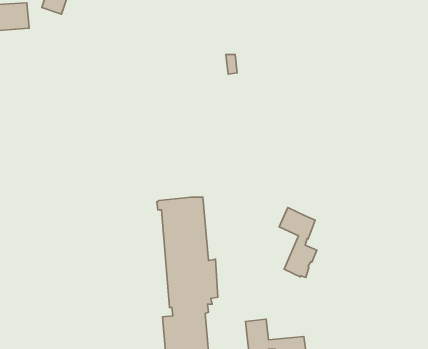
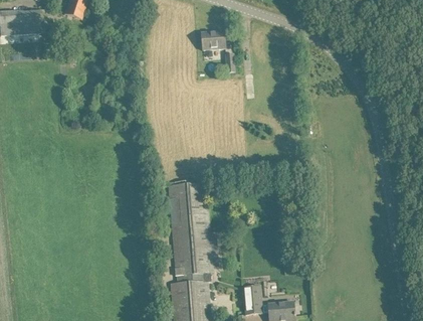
building: none -> [201,29,224,48]
building: [279,208,317,278] -> none

